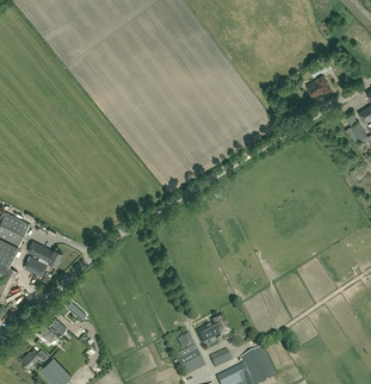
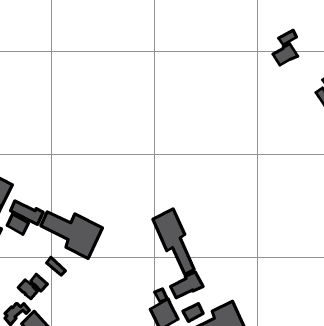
building: none -> [153,209,194,274]
building: none -> [41,212,102,259]

